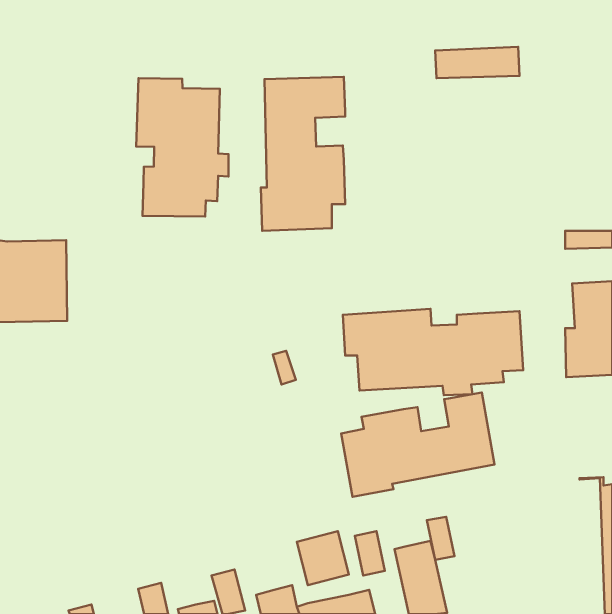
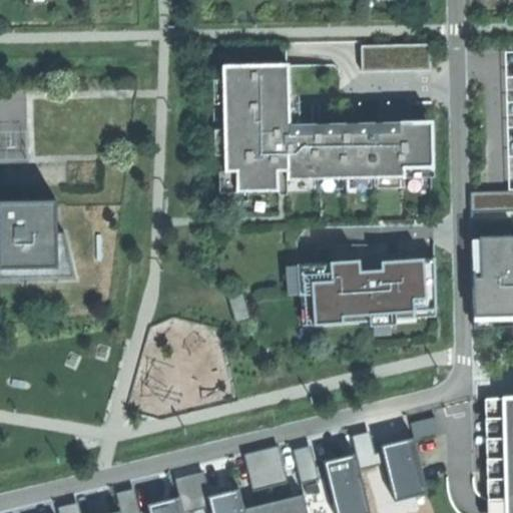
building: [136,78,229,217] -> none
building: none -> [285,130,432,179]
building: [341,392,495,497] -> none
building: none -> [386,435,431,497]

